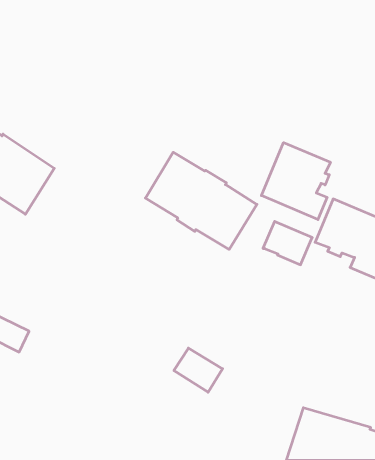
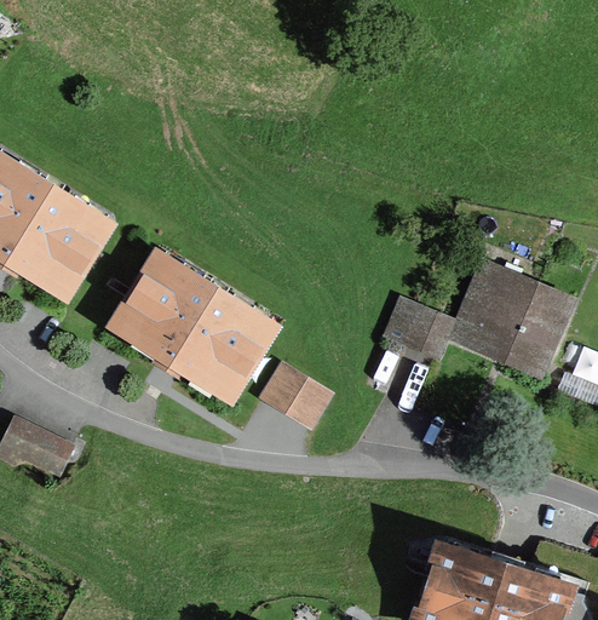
building: [261,143,330,220] -> none
building: [145,152,257,249] -> [120,259,270,390]
building: [174,348,223,392] -> [264,366,329,425]

